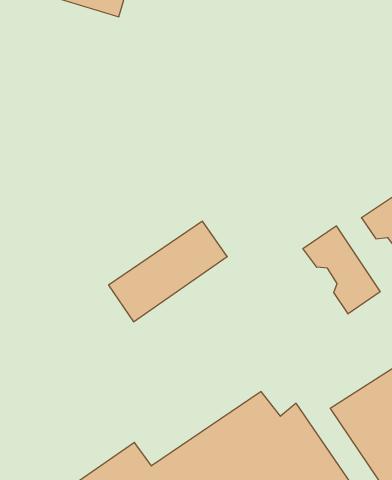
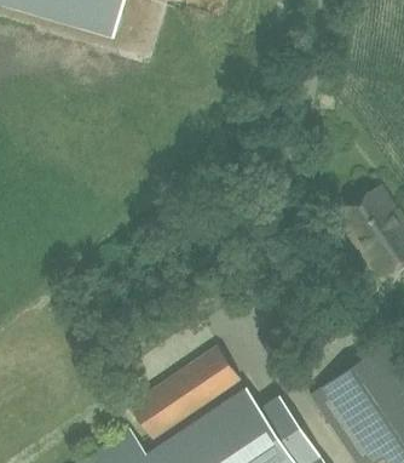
building: [109,221,227,322] -> [128,349,238,442]
building: [303,226,380,314] -> none

